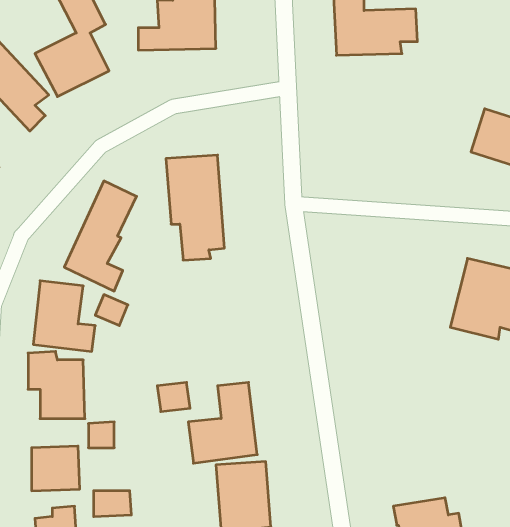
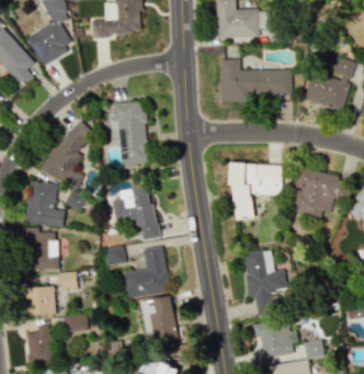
building: none -> [221,58,292,99]
building: none -> [230,162,282,219]
building: none -> [112,185,157,239]
building: none -> [243,248,287,314]

